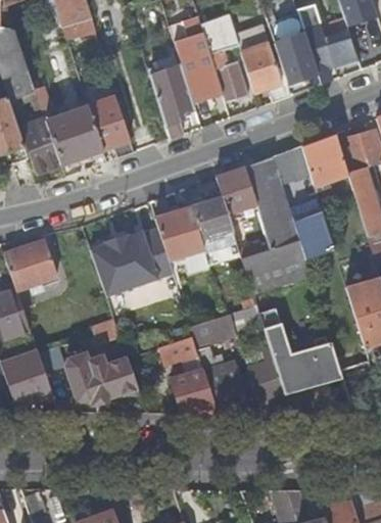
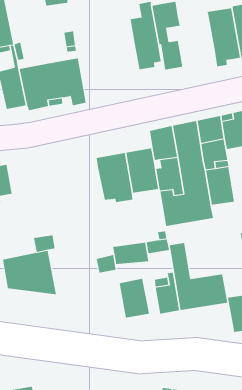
building: [234,21,292,102] -> none
building: [147,66,195,140] -> none
building: [91,230,174,295] -> none
building: [172,356,219,415] -> none

